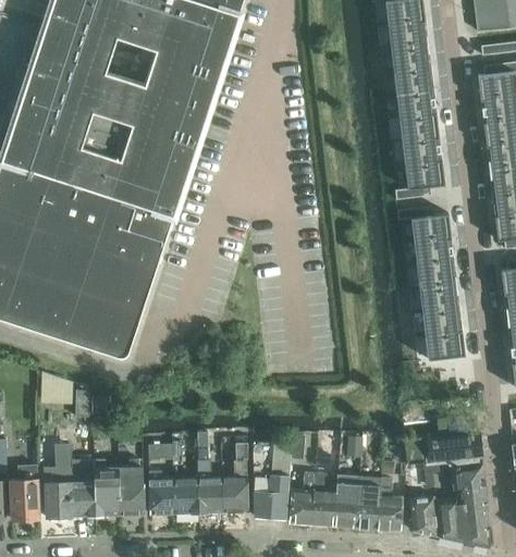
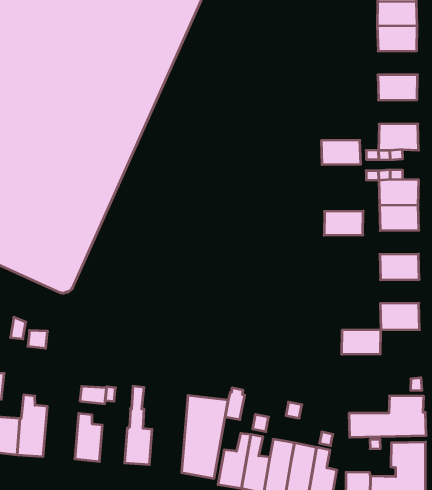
building: [396,89,437,116] -> none
building: [402,136,442,163] -> [321,140,361,165]
building: [417,260,456,287] -> [324,211,363,235]
building: [422,307,462,334] -> [342,330,381,354]
building: [220,442,248,511] -> none
building: [118,460,144,515] -> none
building: [172,479,197,513] -> none

